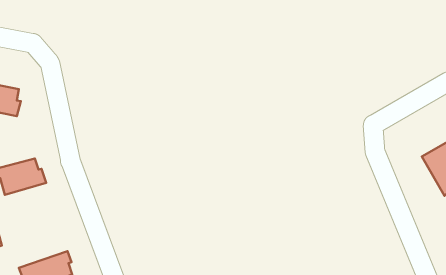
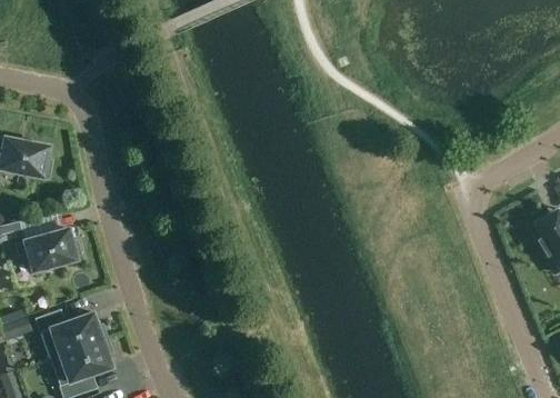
building: none -> [37,308,109,358]

